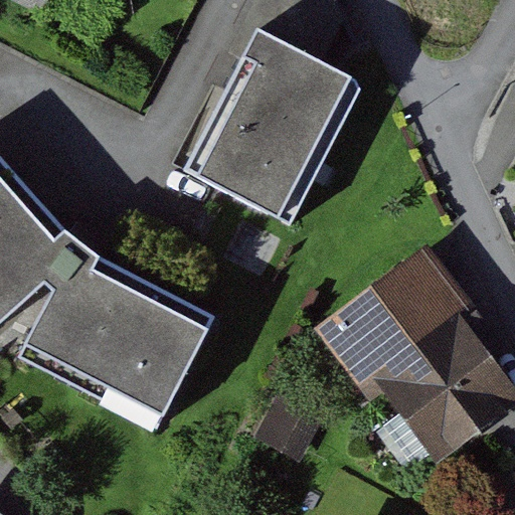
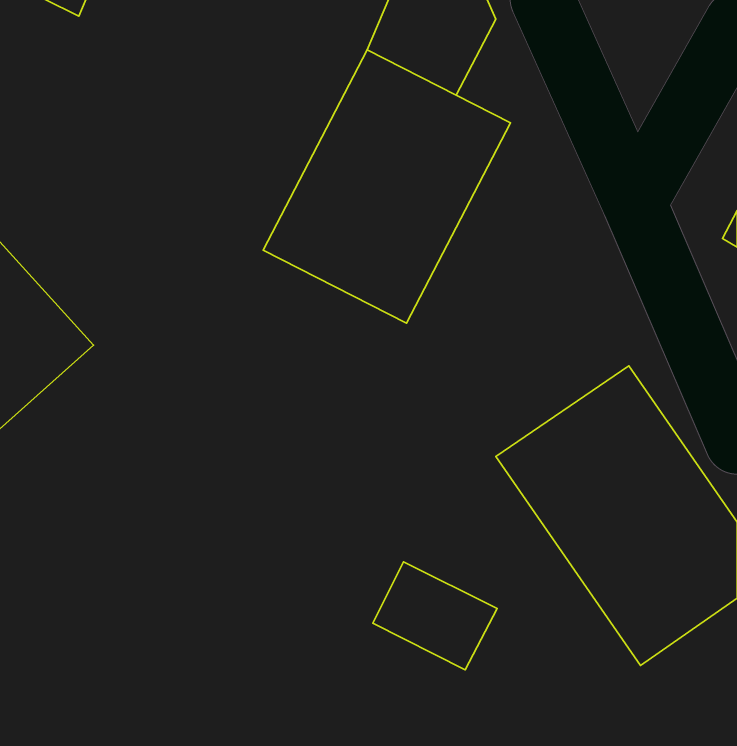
building: [15,249,206,427] -> none

